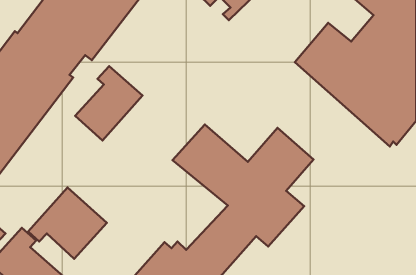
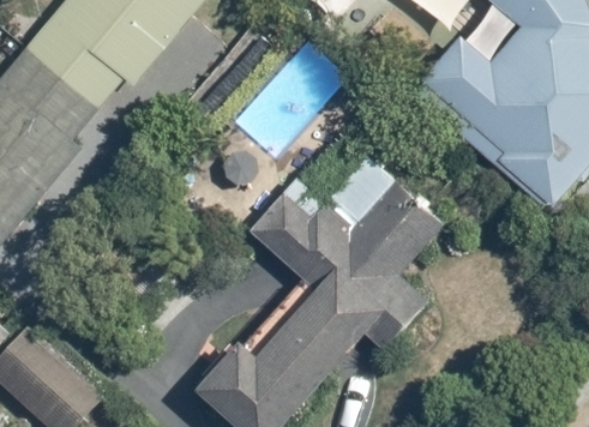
building: [75,66,143,140] -> none
building: [28,188,107,259] -> none

